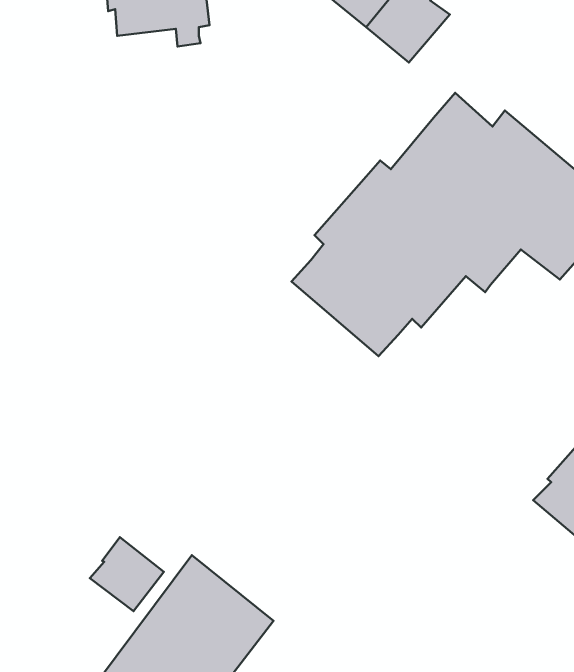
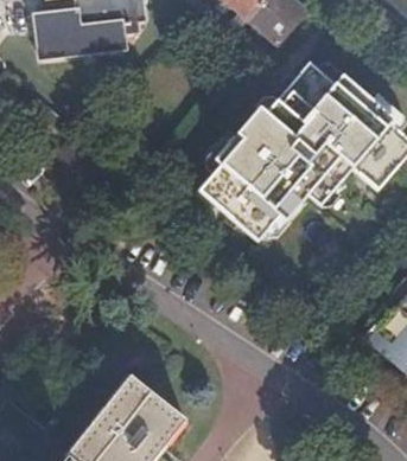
building: none -> [33,7,125,62]
building: [90,537,164,611] -> none

